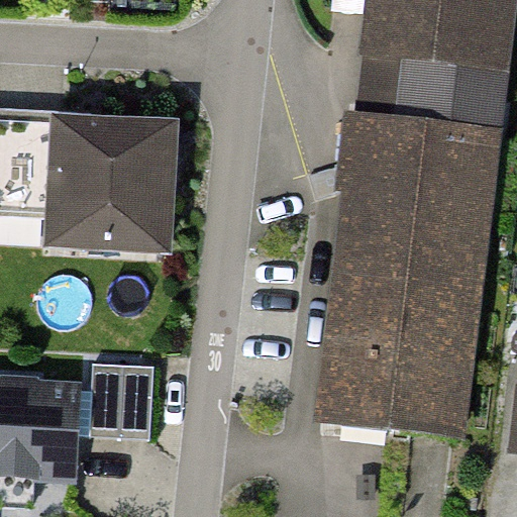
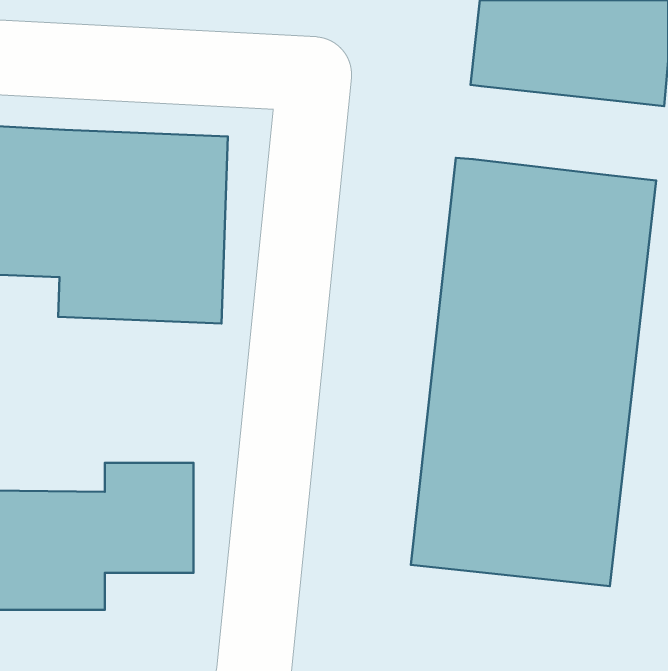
building: [360,71,470,138] -> none

